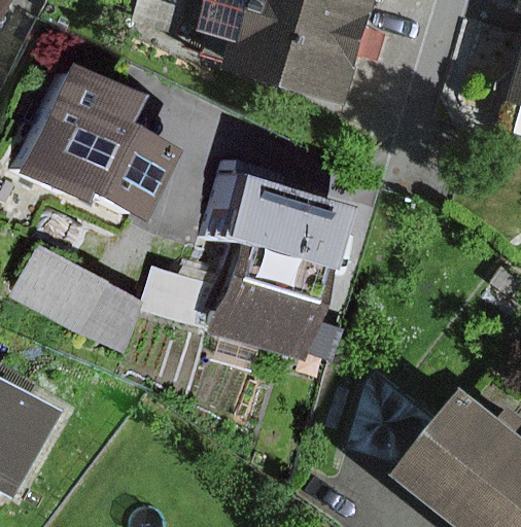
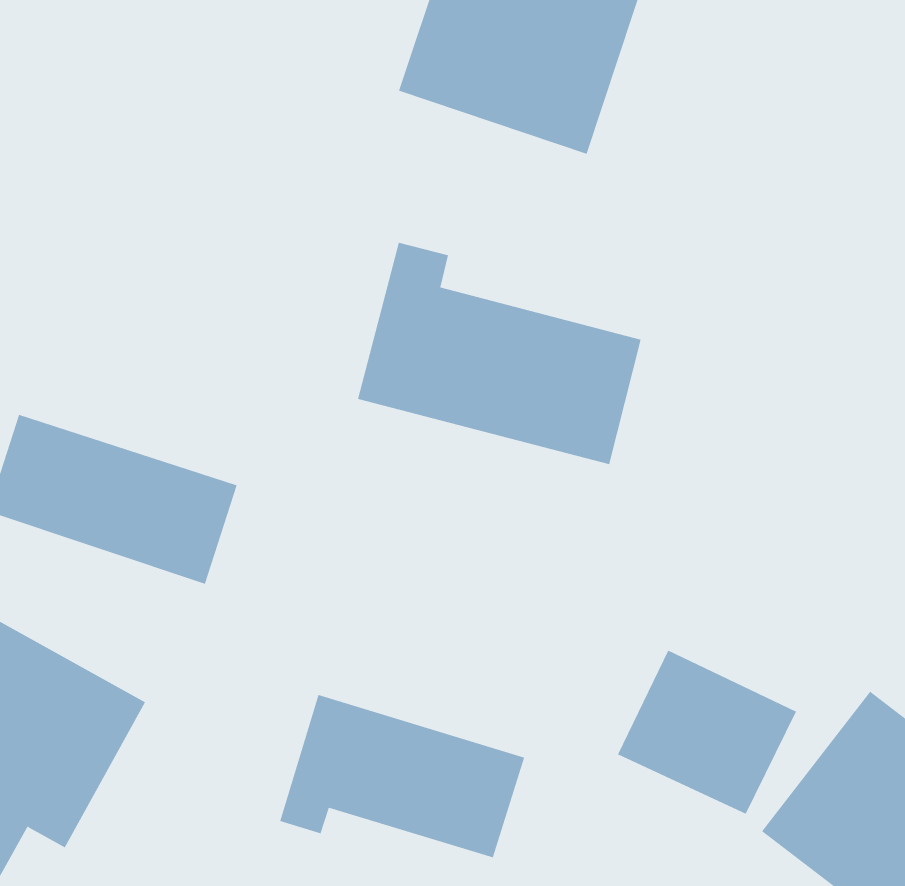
building: [25,64,182,227] -> none
building: [144,264,343,359] -> none
building: none -> [279,694,525,858]

